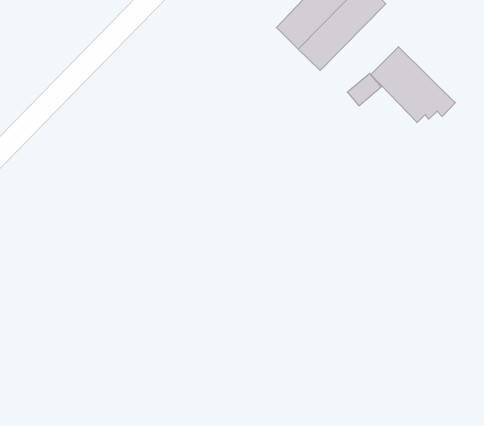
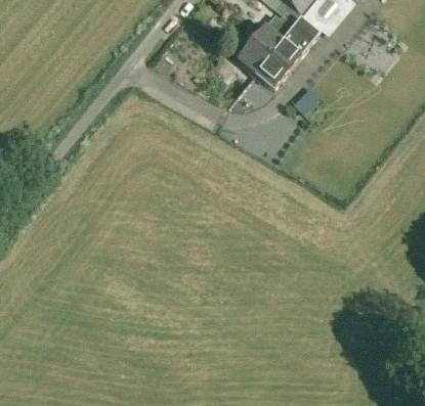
building: [371,47,455,123] -> none

